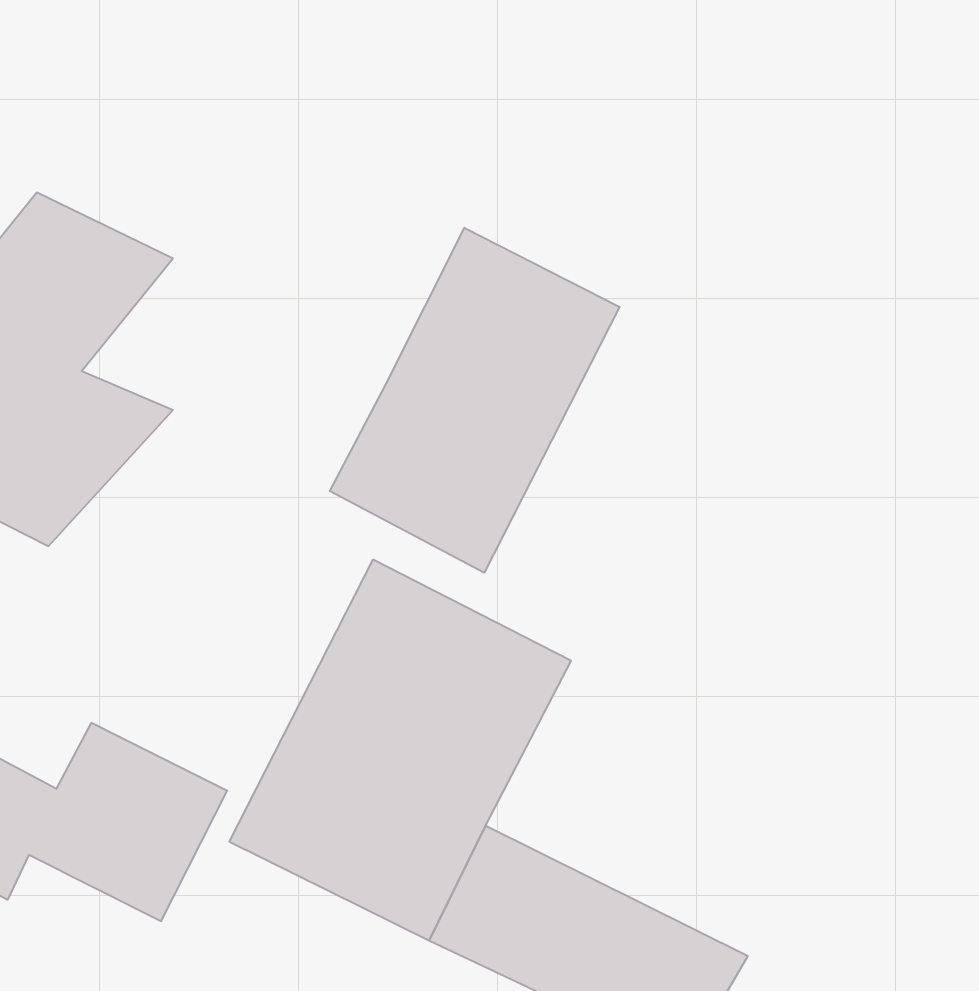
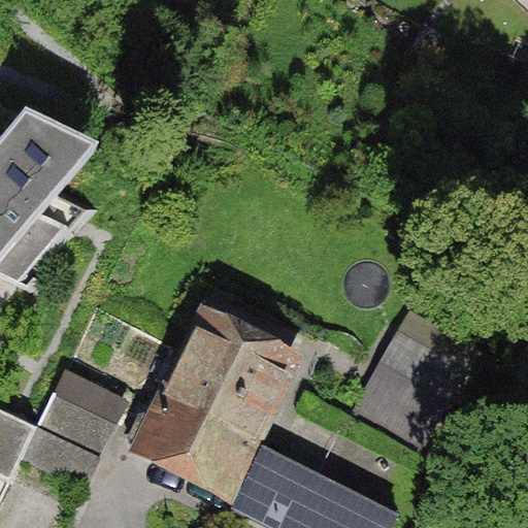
building: [330,228,620,573] -> none
building: none -> [354,329,481,458]

